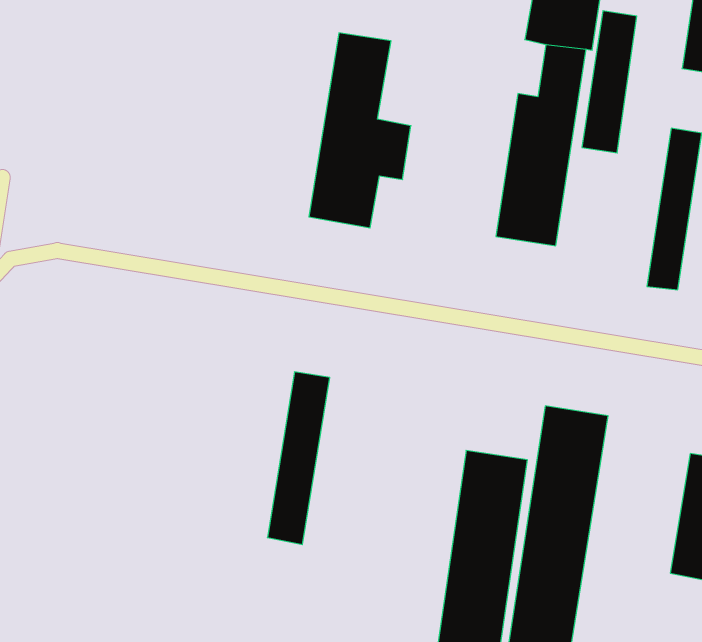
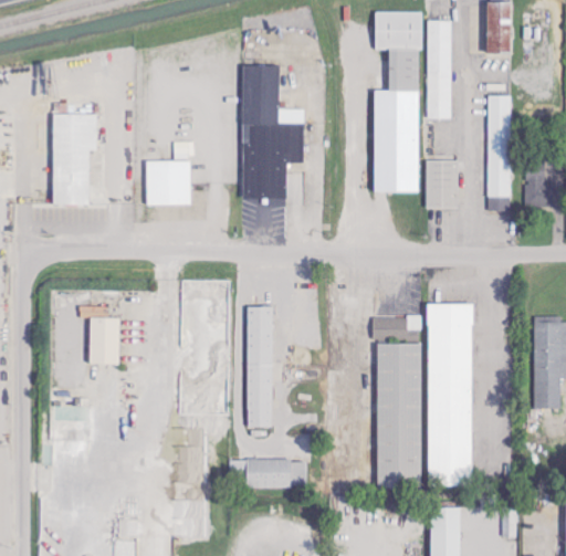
building: none -> [53,114,97,204]
building: none -> [146,160,189,203]
building: none -> [423,159,457,207]
building: none -> [90,317,119,365]
building: none -> [231,460,306,487]

